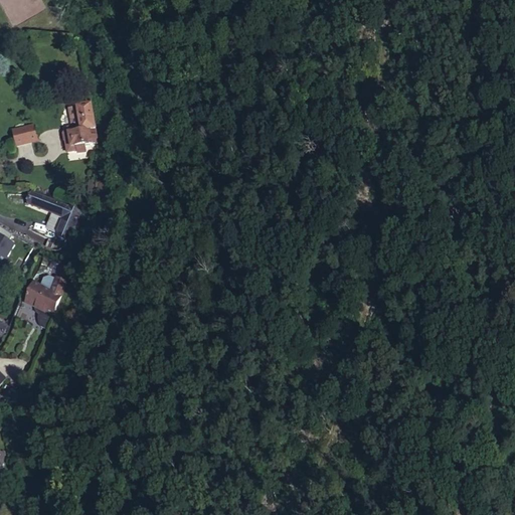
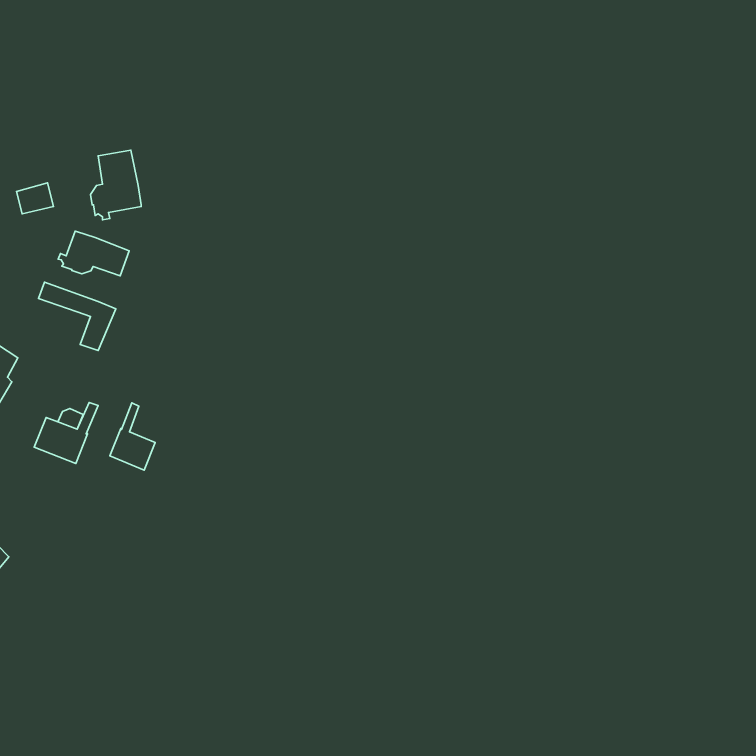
building: none -> [58,231,129,276]
building: none -> [110,403,155,470]

